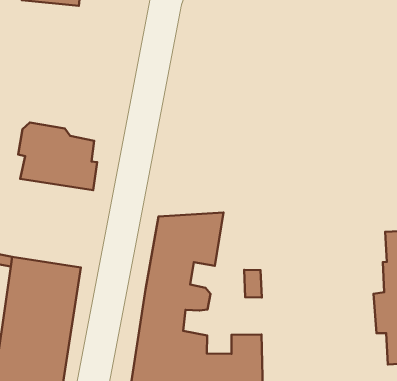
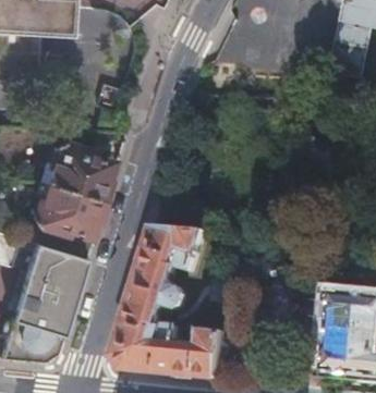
building: none -> [34,182,106,235]

